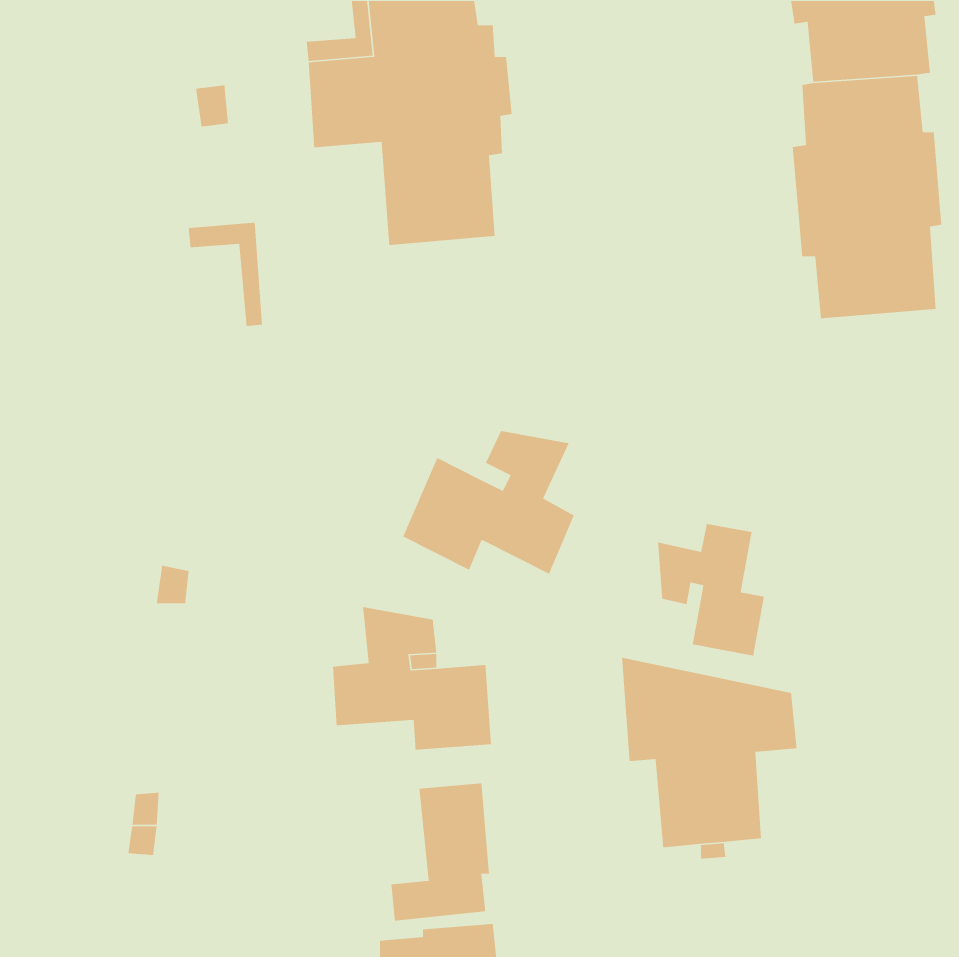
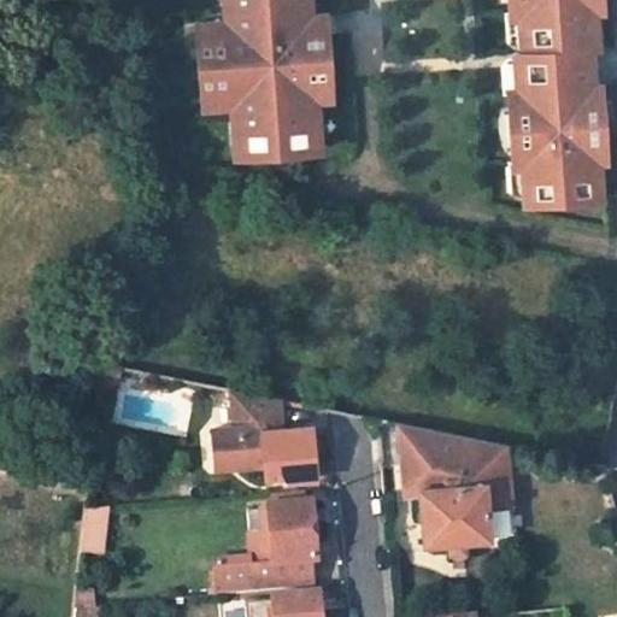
building: [188,222,263,327] -> [201,93,249,160]
building: [402,430,575,575] -> none
building: [657,523,765,657] -> none
building: none -> [213,559,253,597]

